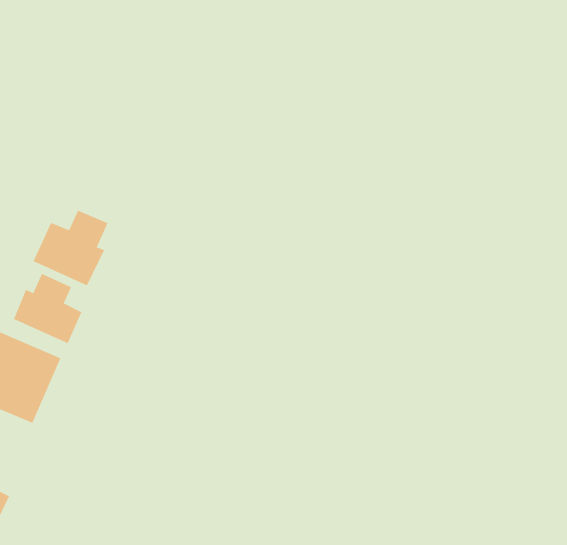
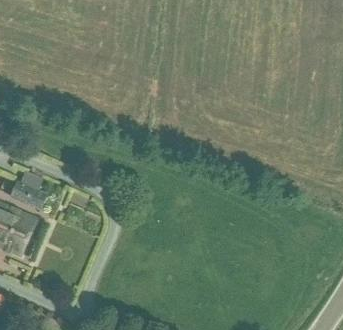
building: [33,210,108,286] -> none

